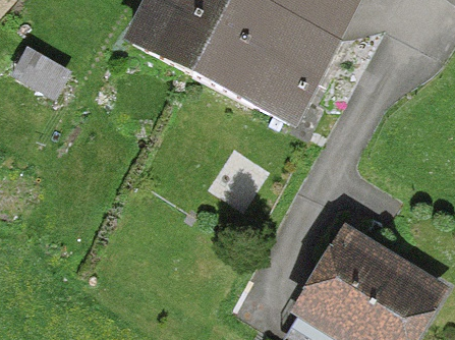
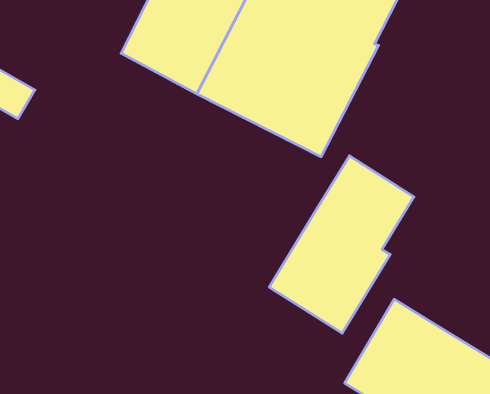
building: none -> [269,156,414,333]

